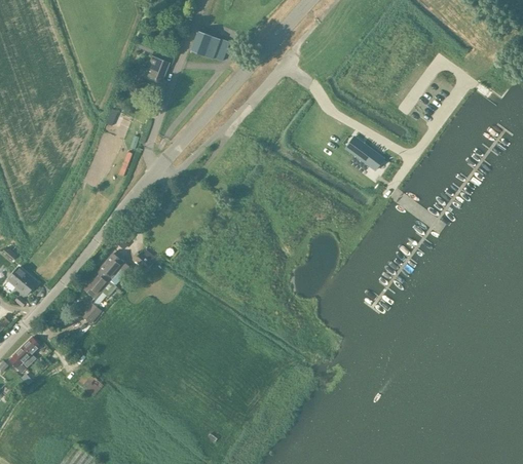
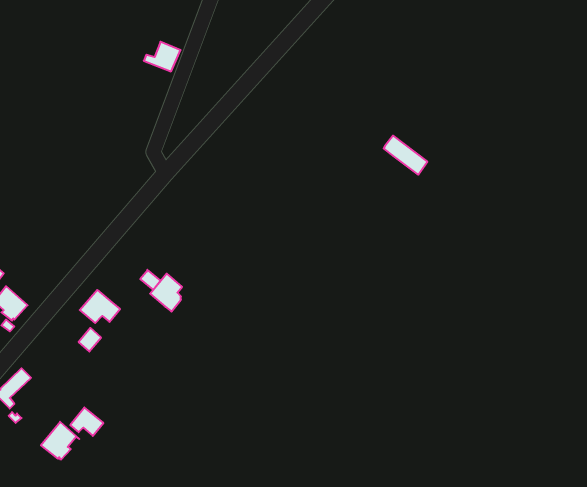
building: [190,32,229,62] -> none
building: [98,254,125,286] -> [150,274,182,312]
building: none -> [41,422,79,460]

